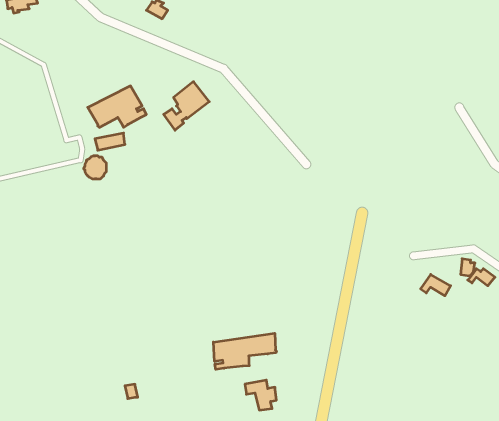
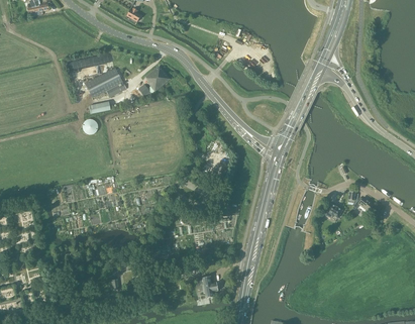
building: [213,333,276,369] -> none

